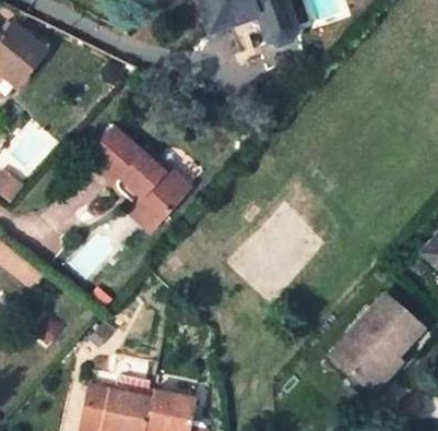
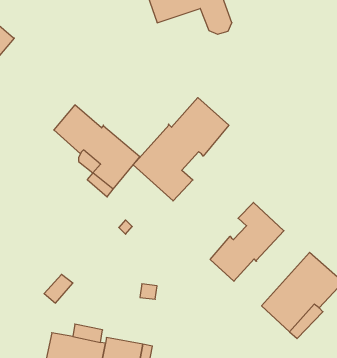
building: none -> [133,98,229,201]
building: none -> [210,202,284,281]

